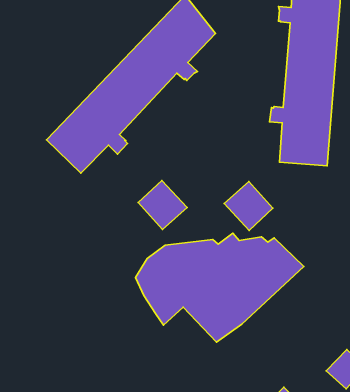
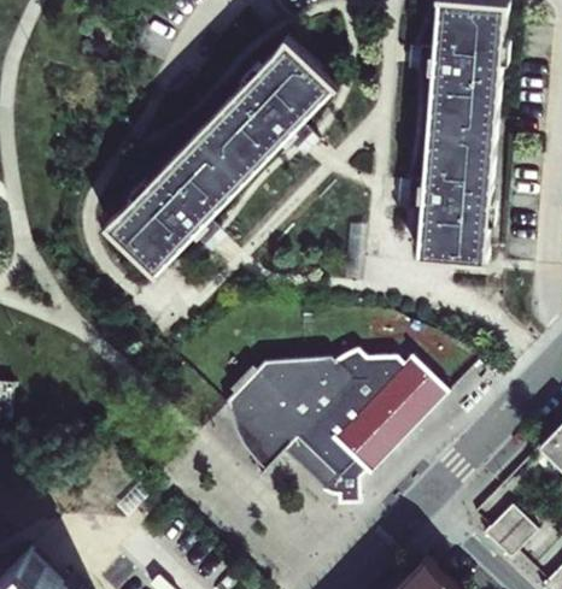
building: [138,180,187,230] -> none
building: [224,182,273,230] -> none

